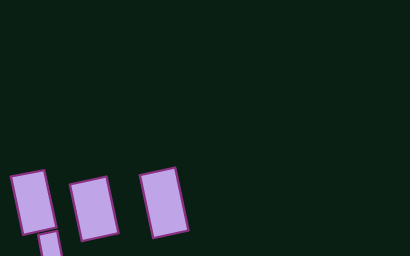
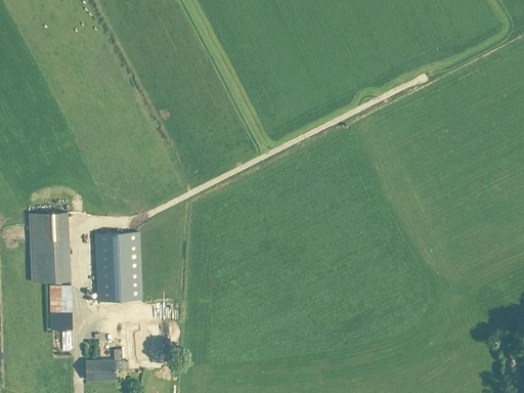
building: [140,168,189,238] -> none

